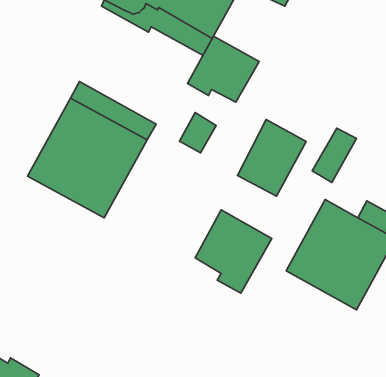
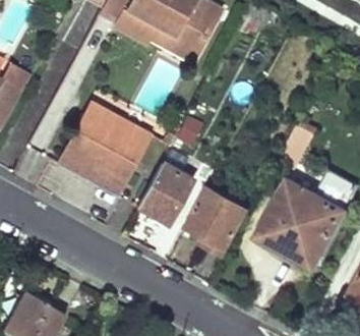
building: [188,36,259,102] -> none
building: [237,120,306,196] -> [138,163,192,223]

